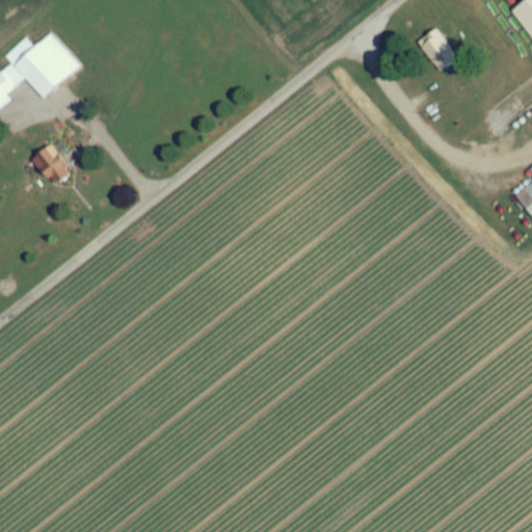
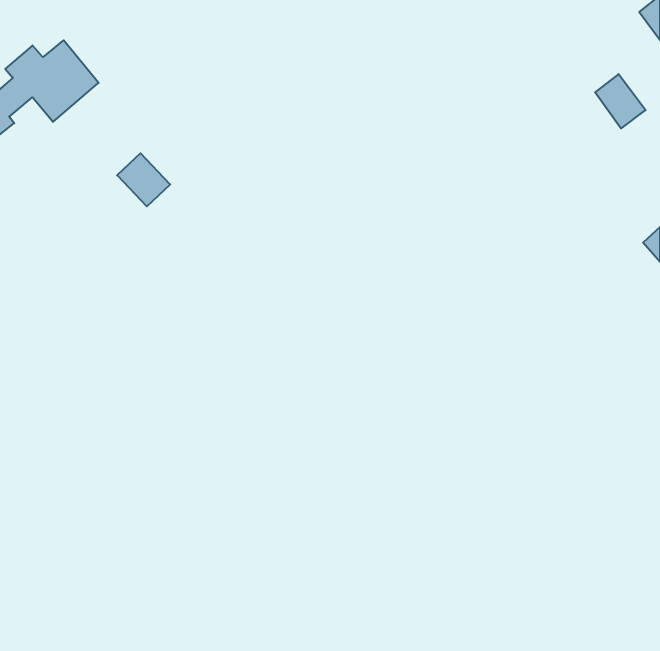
building: [418,27,458,71] -> [595,74,646,128]
building: [31,142,74,185] -> [117,153,170,206]

